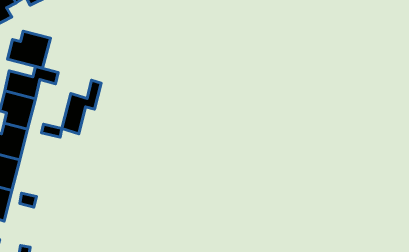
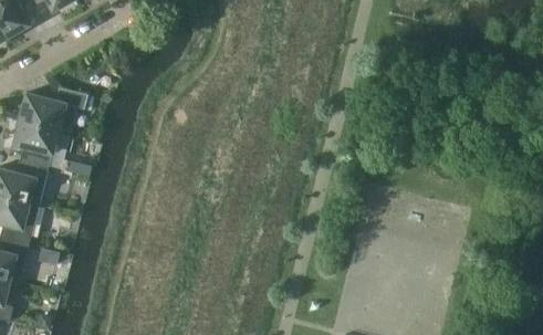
building: [7,31,50,68] -> none
building: [62,80,101,134] -> none

